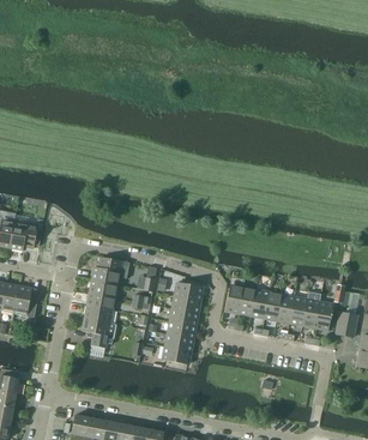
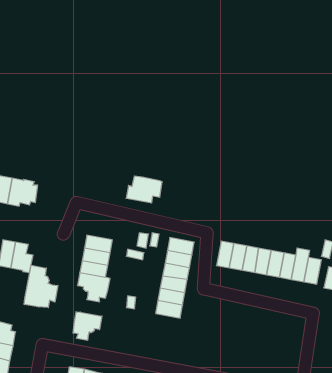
building: [92,257,129,284] -> [126,176,162,203]
building: none -> [24,265,58,308]
building: none -> [73,312,102,340]

